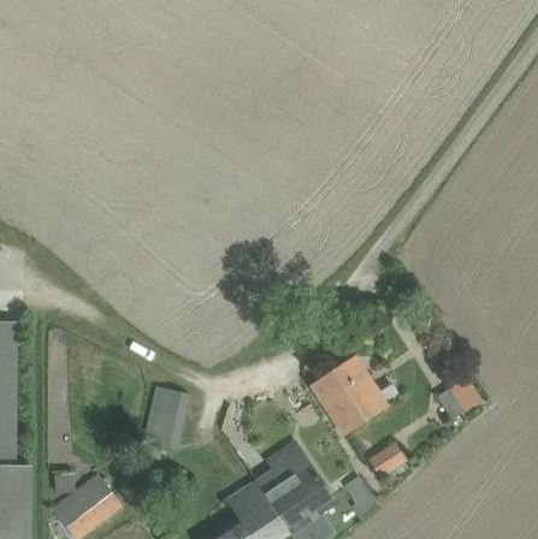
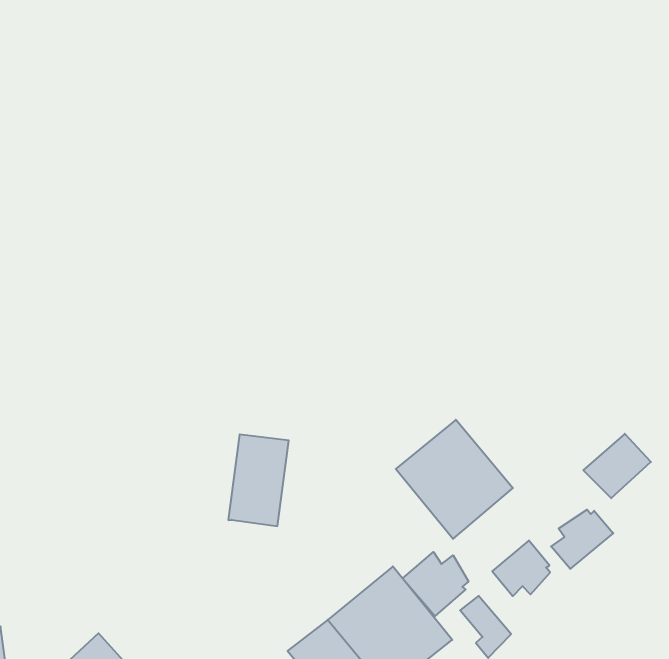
building: [141,385,187,449] -> [228,434,289,526]
building: none -> [551,510,613,569]
building: none -> [403,552,468,616]

